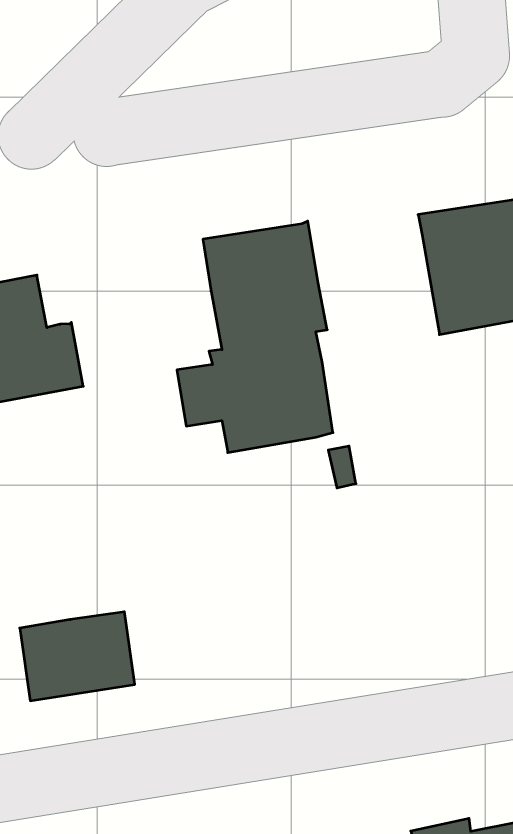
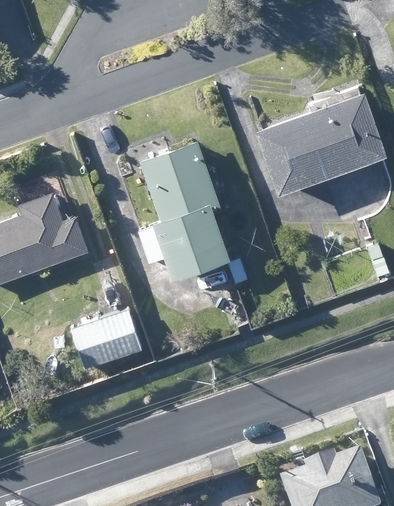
building: [20,612,135,701] -> [72,312,140,369]

